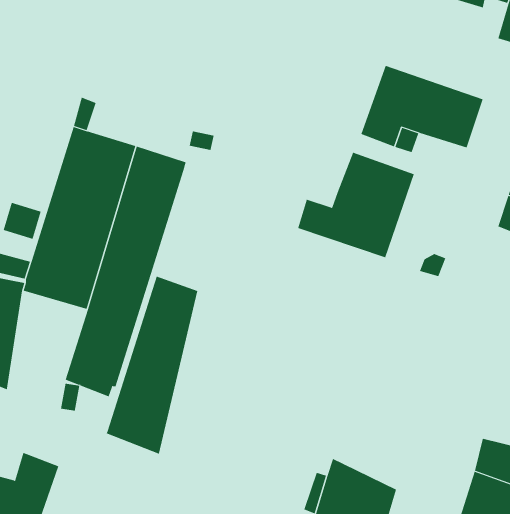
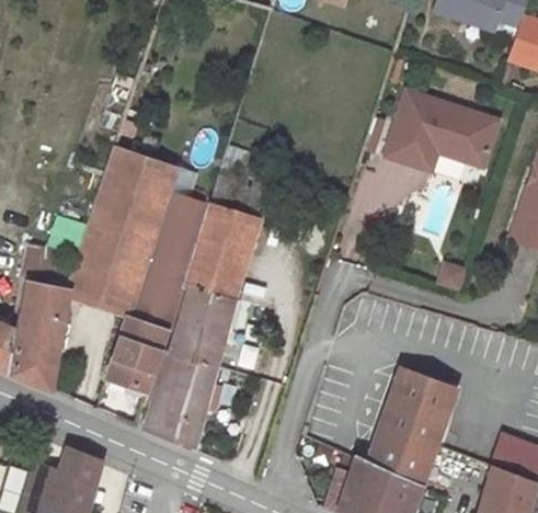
building: [298,152,415,258] -> none
building: none -> [188,186,264,299]
building: none -> [369,364,451,486]

